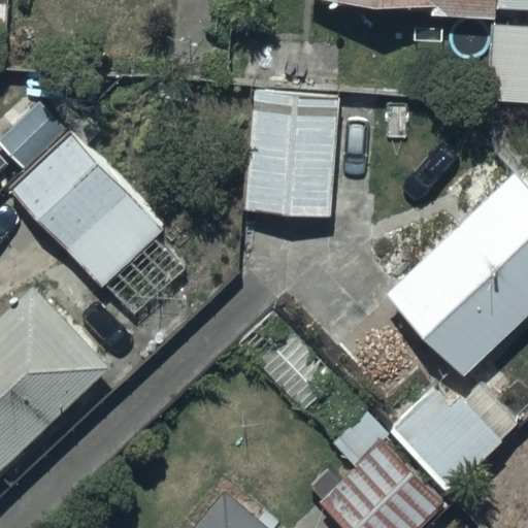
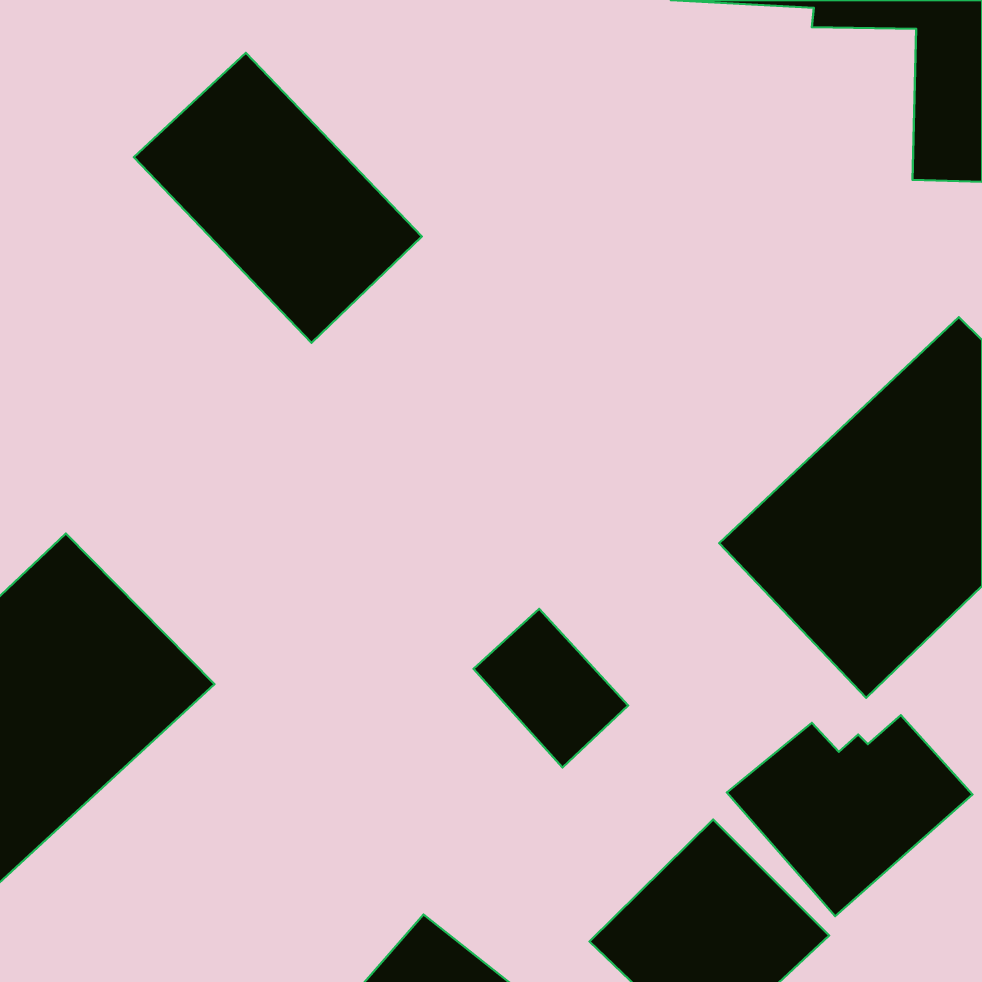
building: [244,89,339,216] -> none
building: [9,132,163,287] -> [134,53,422,343]

